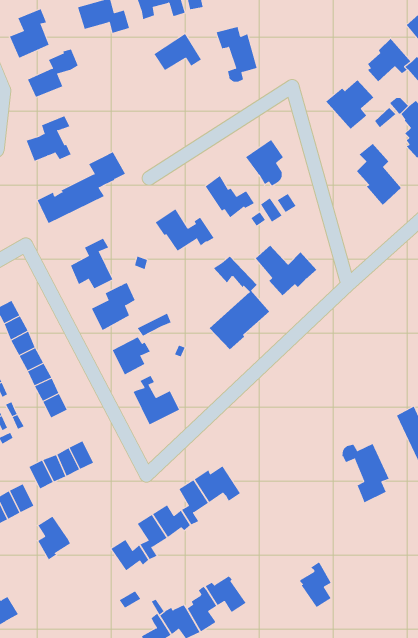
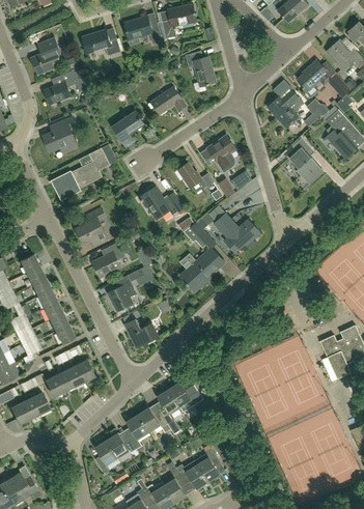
building: [153,33,202,71] -> [150,86,187,114]
building: none -> [111,111,143,146]
building: [342,443,390,503] -> none
building: [37,516,71,560] -> [94,441,119,474]
building: [300,562,331,608] -> [195,447,219,481]

